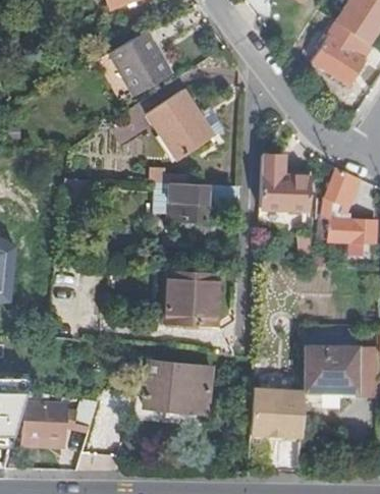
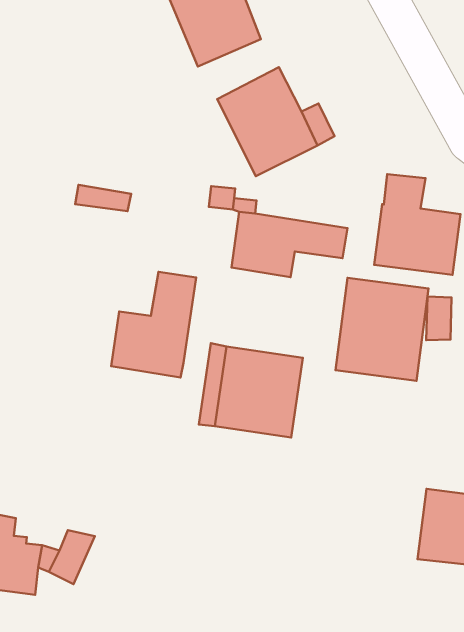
building: none -> [335,278,429,381]
building: none -> [111,272,196,377]
building: [144,361,213,414] -> none
building: [254,386,304,434] -> none

